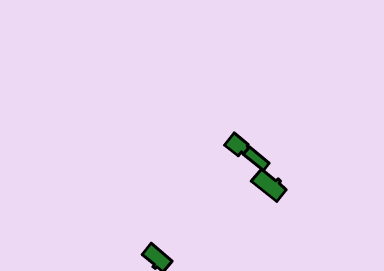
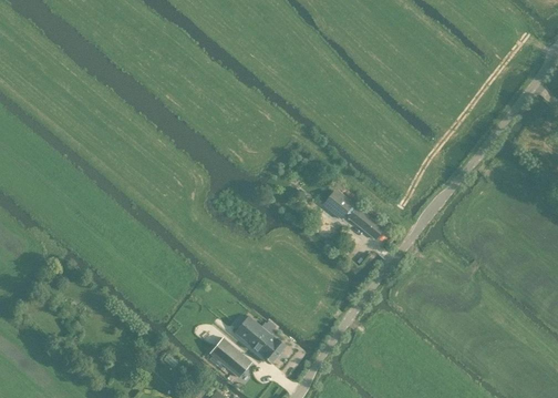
building: [251,169,286,202] -> none
building: none -> [234,316,285,364]

